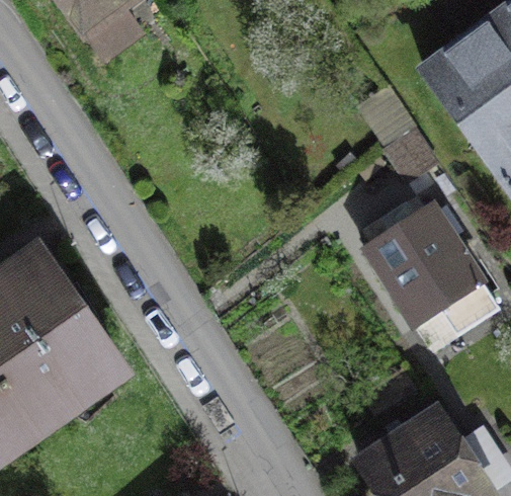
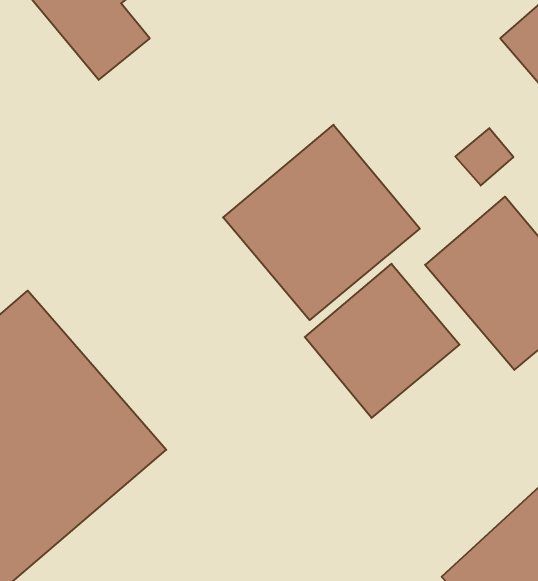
building: none -> [223,125,420,320]
building: none -> [305,264,460,418]

